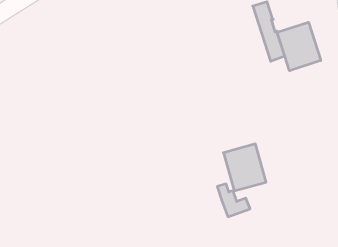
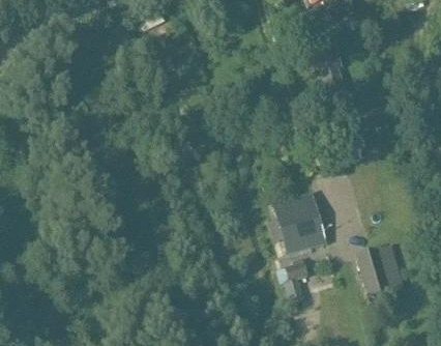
building: [277,22,321,71] -> none
building: none -> [359,249,391,295]

